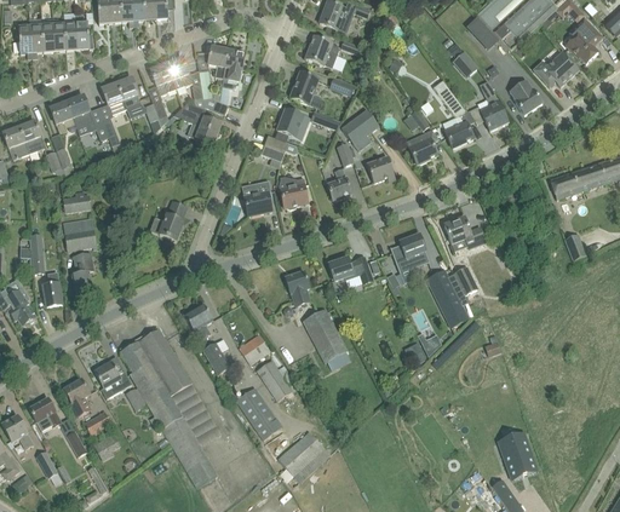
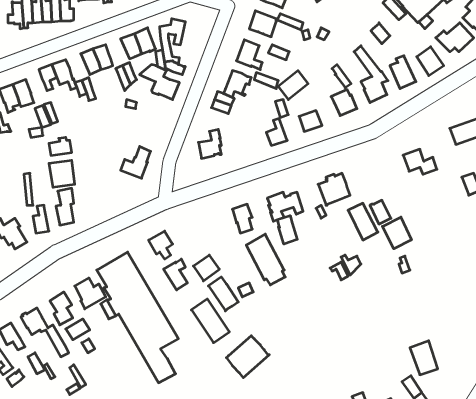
building: [223,50,246,88] -> none
building: [277,176,308,208] -> none
building: [444,217,486,247] -> [403,149,437,174]
building: none -> [277,216,297,244]
building: none -> [382,217,411,249]

